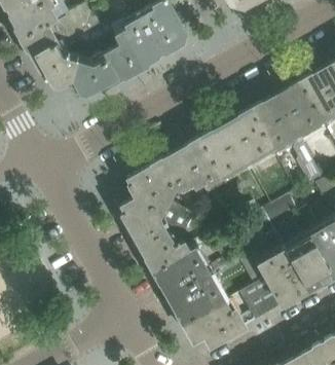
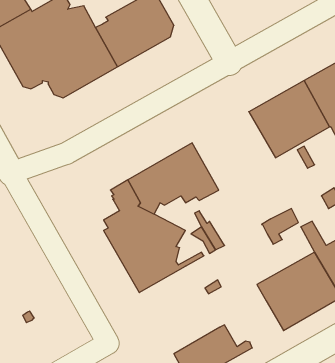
building: [200,110,274,180] -> none
building: [153,248,225,326] -> none
building: [239,279,282,321] -> none

